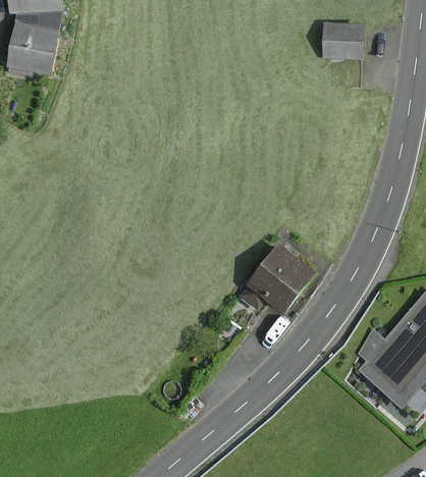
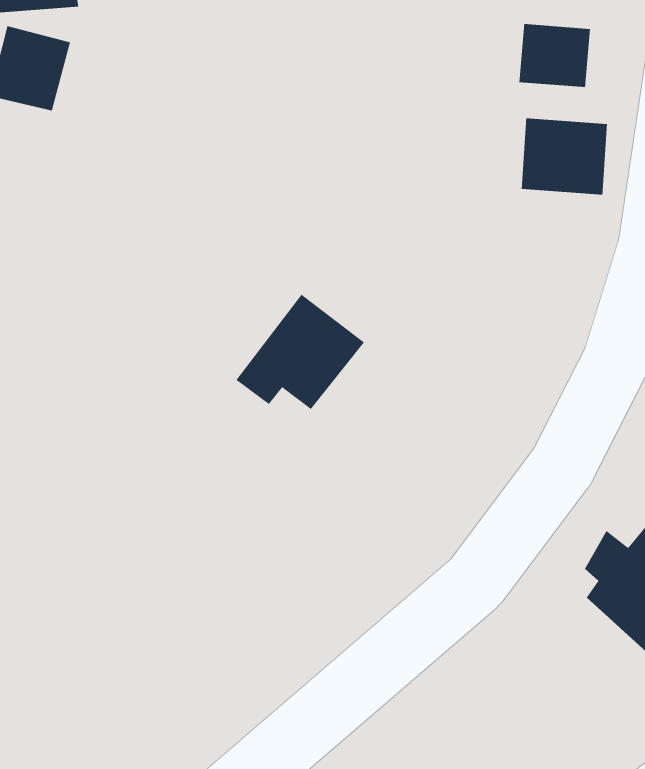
building: none -> [521,117,608,196]
building: [238,243,317,313] -> [235,294,365,410]

